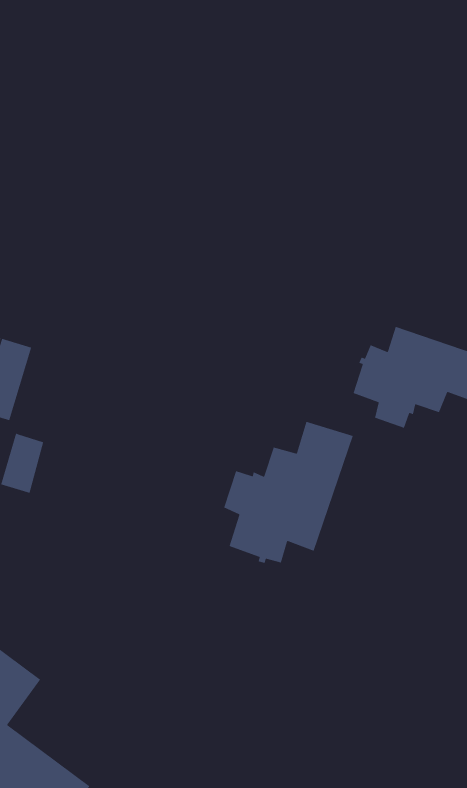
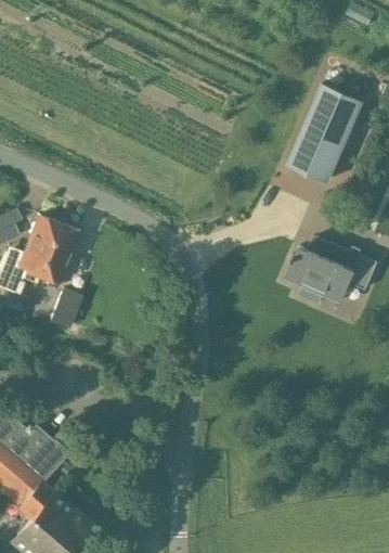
building: none -> [288,87,362,183]
building: [223,421,354,564] -> none

